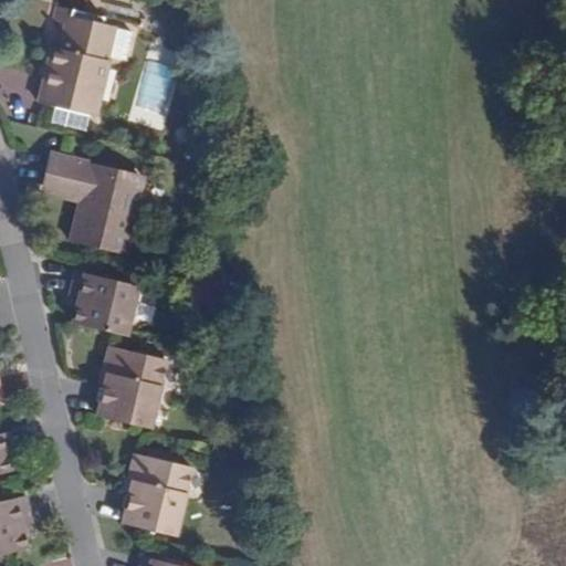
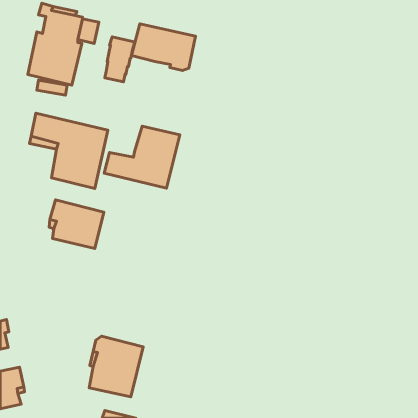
building: none -> [131,24,196,70]
building: none -> [104,126,180,188]
building: [95,346,167,429] -> none

